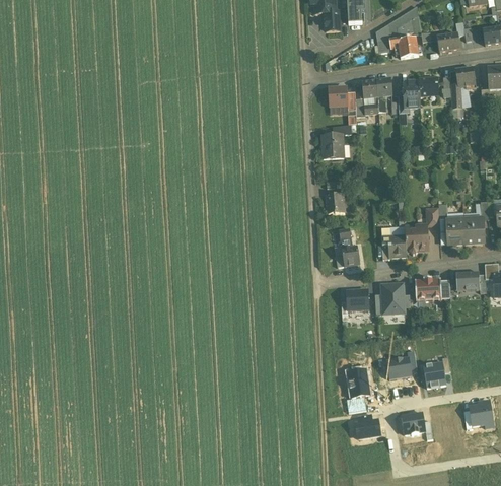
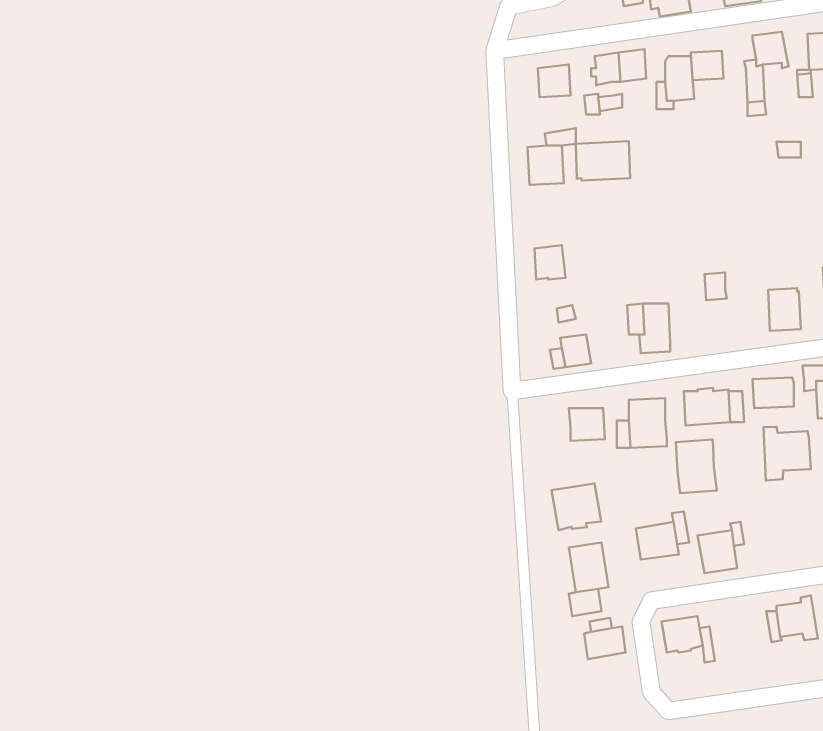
building: none -> [576,141,630,180]
building: [445,219,466,245] -> none
building: [406,227,427,253] -> none
building: none -> [763,427,811,480]
building: none -> [676,439,717,493]
building: none -> [552,483,601,530]

